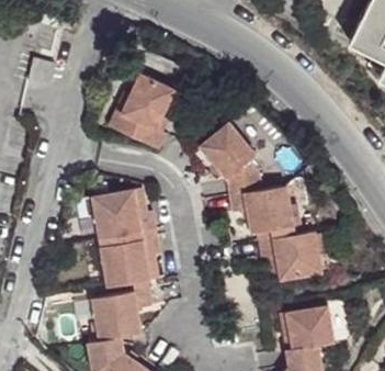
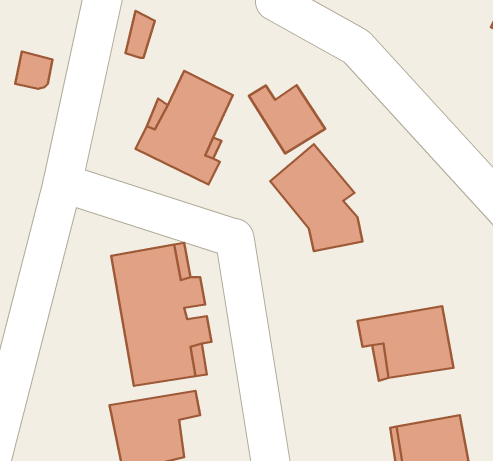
building: none -> [249,85,325,154]
building: [228,184,293,234] -> none

